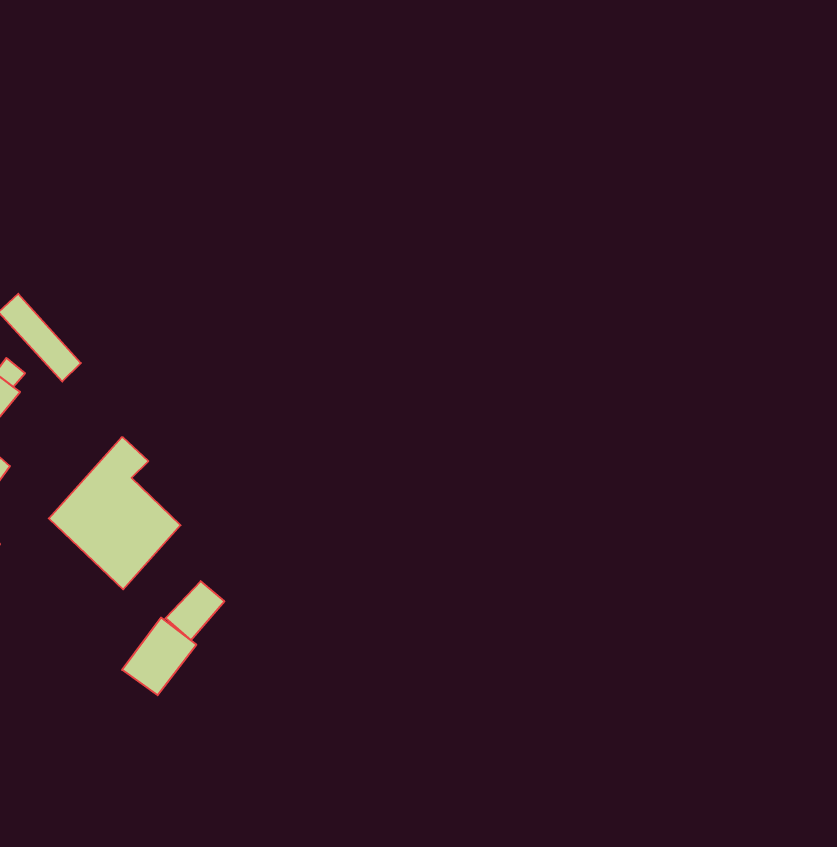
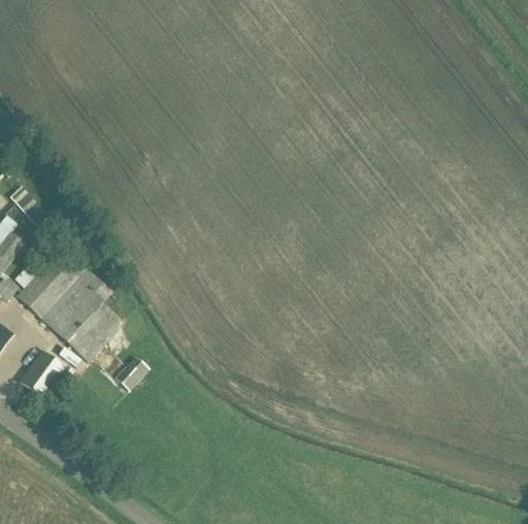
building: none -> [18,247,87,319]
building: [122,618,196,695] -> [20,351,65,398]

